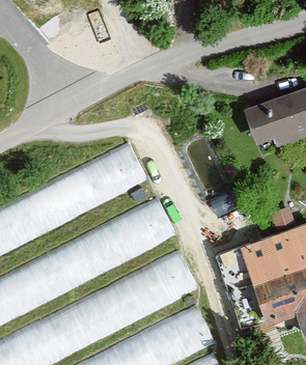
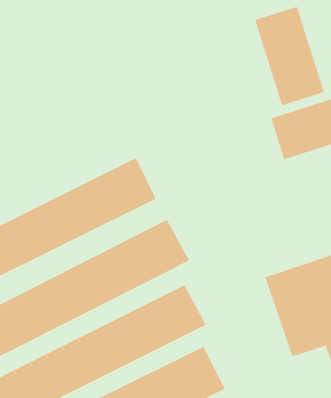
building: none -> [254,6,325,106]

